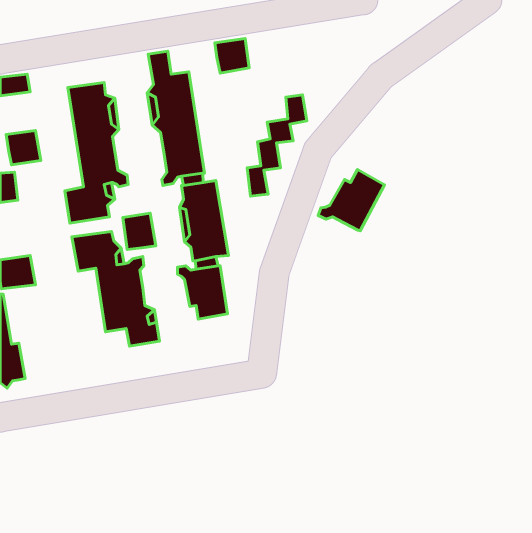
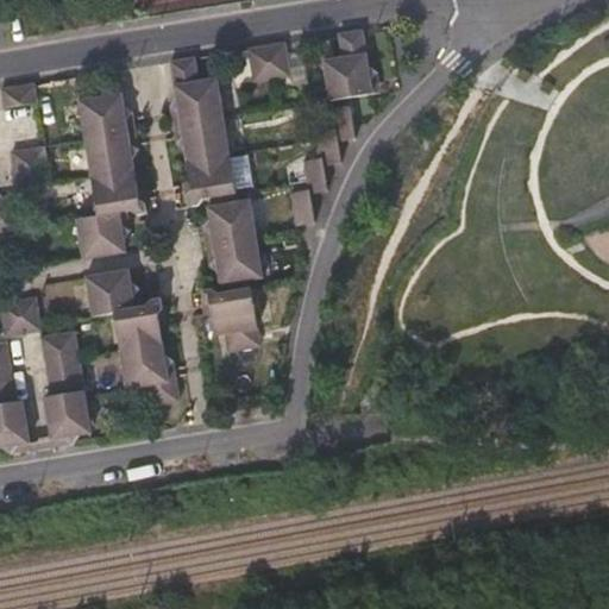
building: none -> [320,31,373,101]
building: [318,170,384,231] -> none
building: [123,213,156,249] -> none
building: none -> [40,324,89,433]

